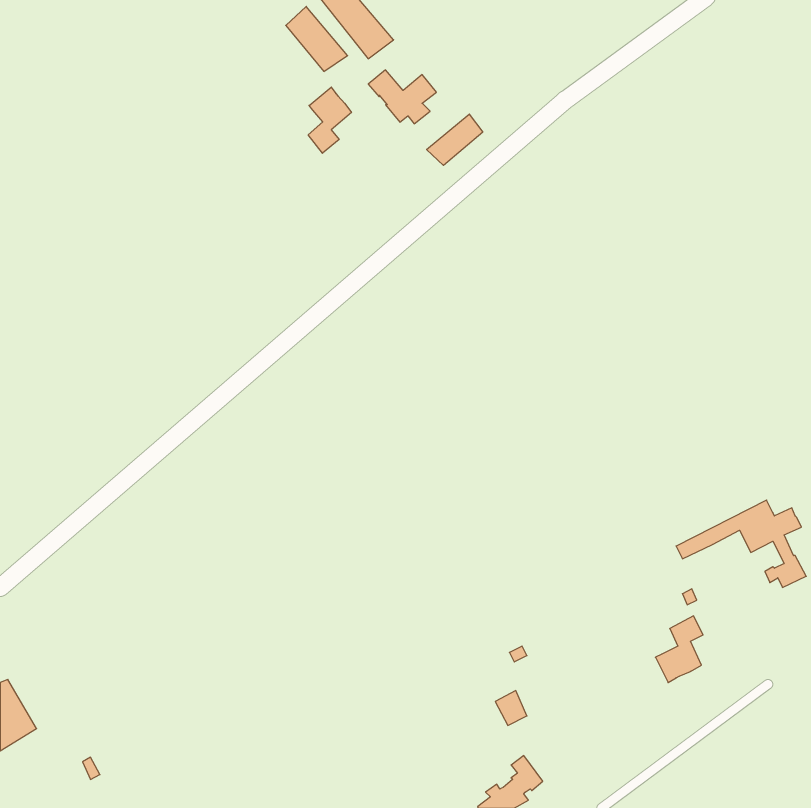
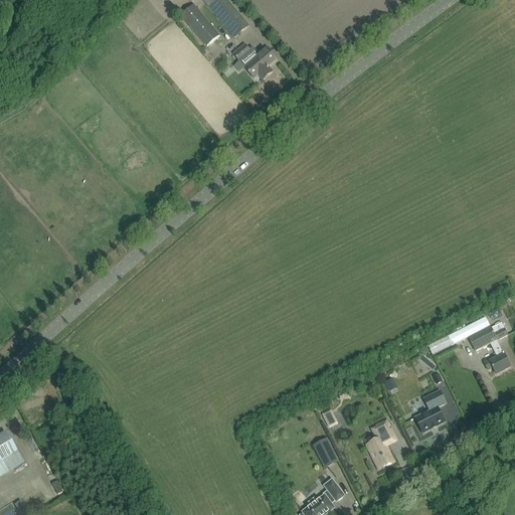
building: [308,87,351,153] -> none
building: [427,114,483,165] -> none
building: none -> [367,420,396,469]

